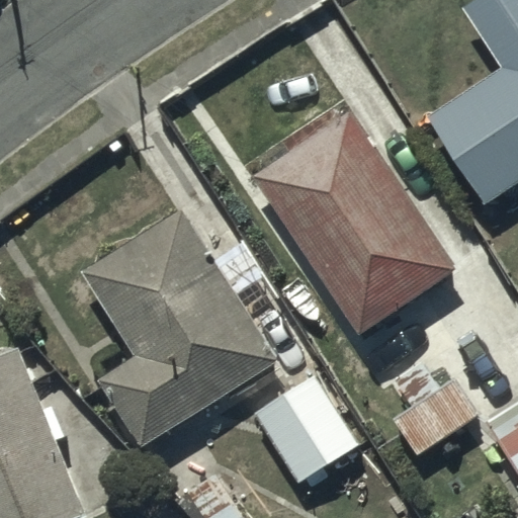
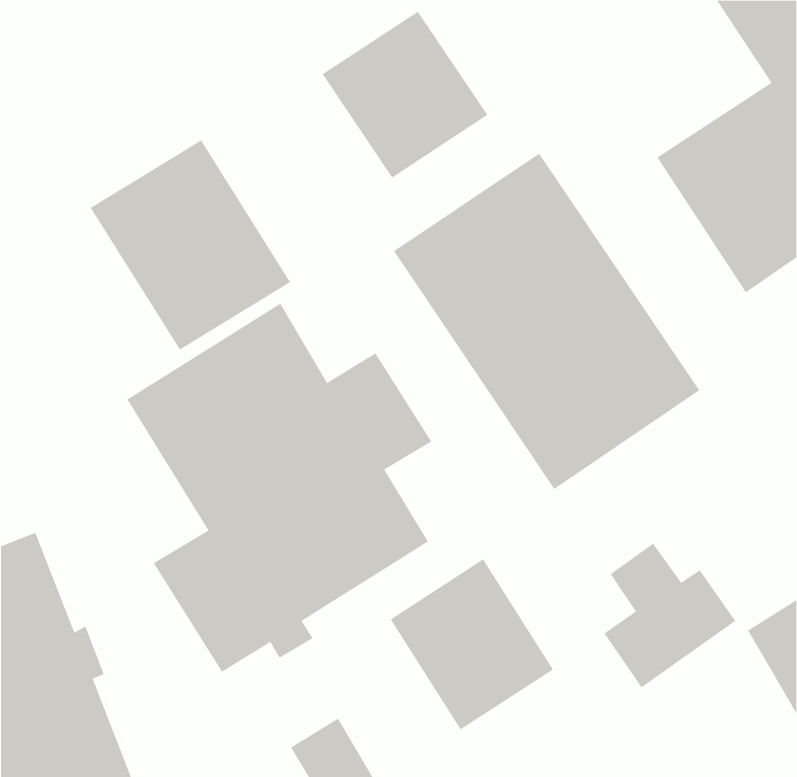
building: none -> [322,11,488,178]
building: none -> [90,139,291,350]

